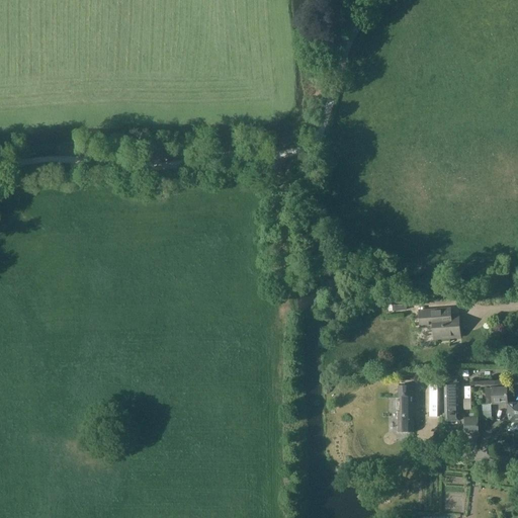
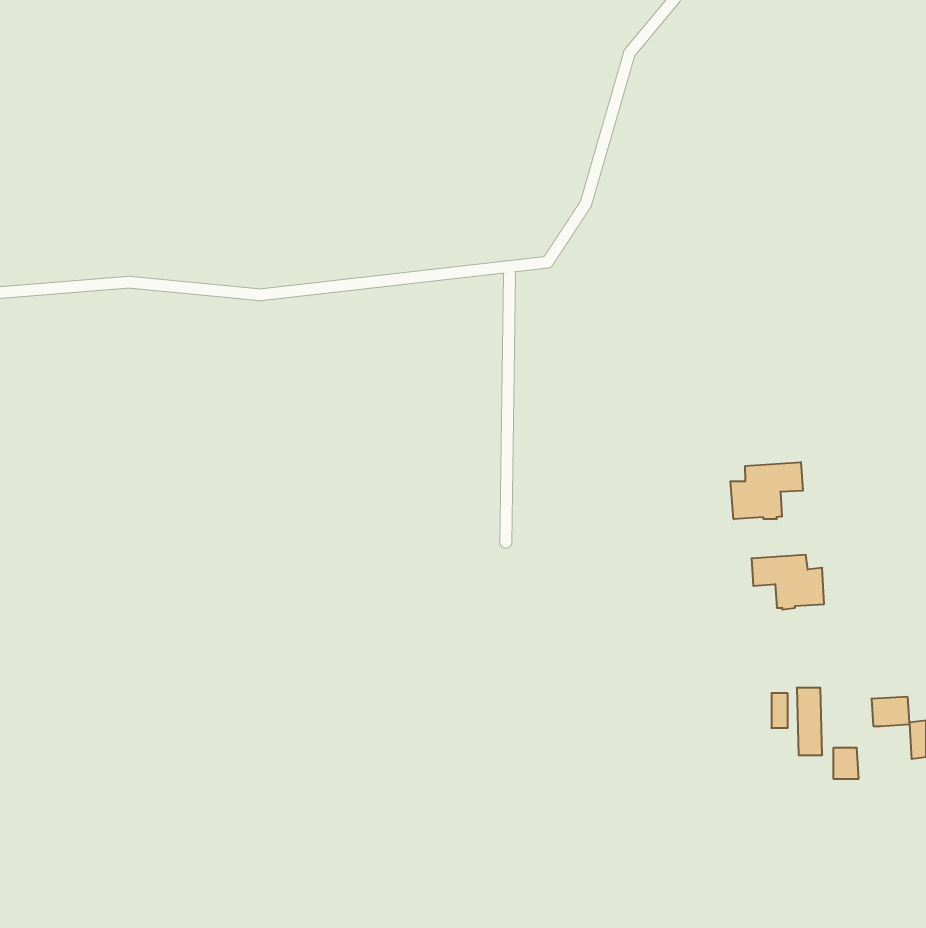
building: none -> [730,462,803,519]
building: [396,384,413,432] -> none

